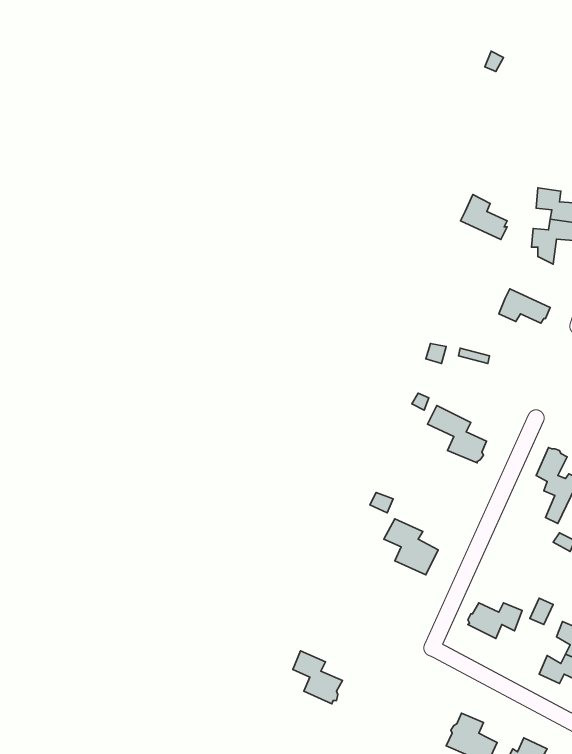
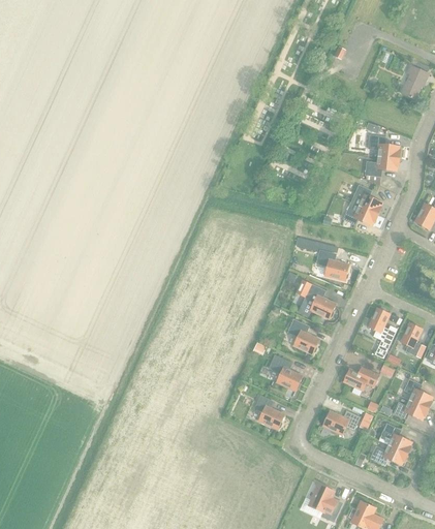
building: [461,194,507,239] -> [351,184,382,214]
building: none -> [317,249,349,279]
building: none -> [288,318,319,353]
building: none -> [344,366,379,395]
building: [293,651,343,704] -> [252,394,285,429]

